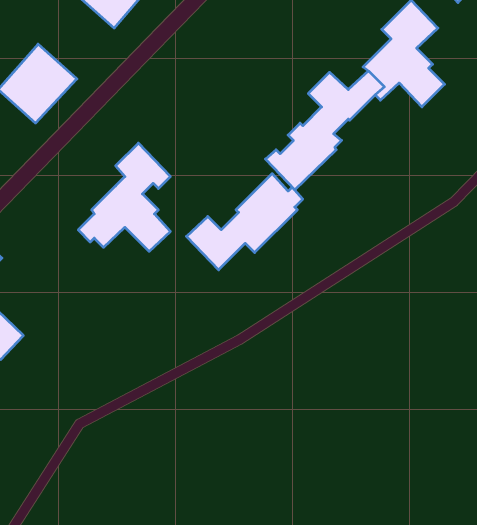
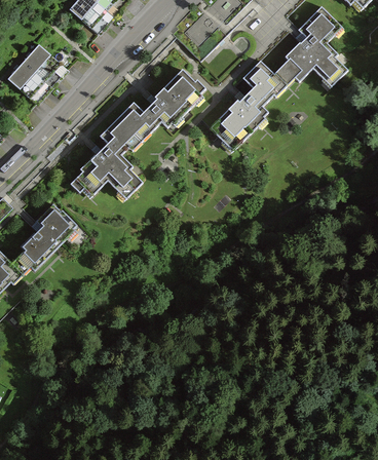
building: [186,174,303,270] -> [113,71,202,145]
building: none -> [14,205,73,270]

